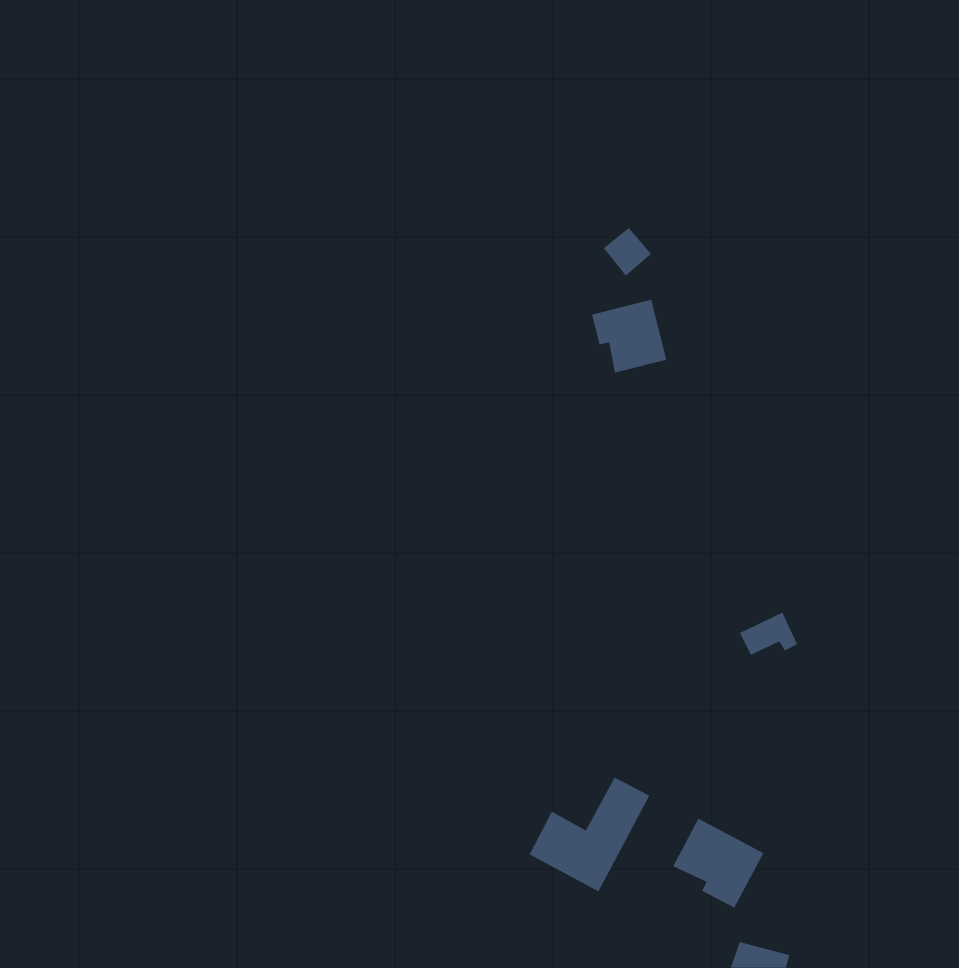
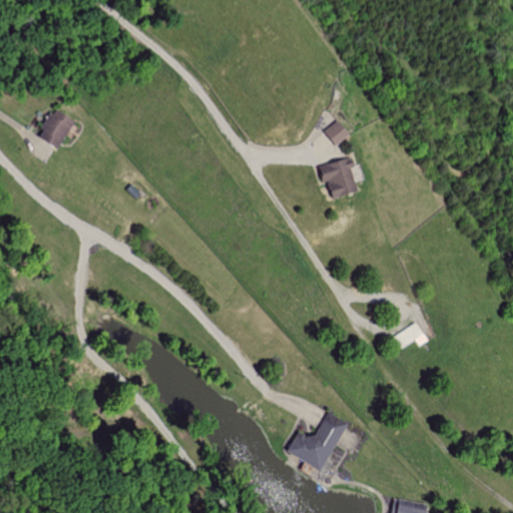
building: none -> [36,108,76,150]
building: [672,818,764,909] -> none

